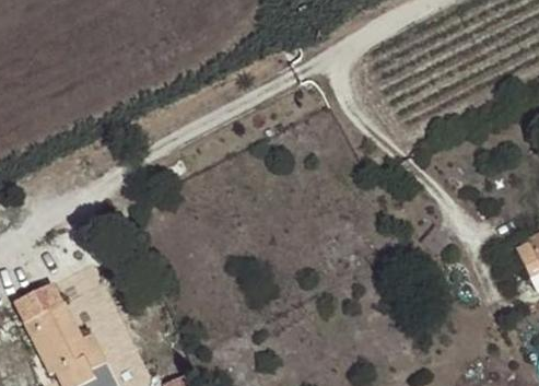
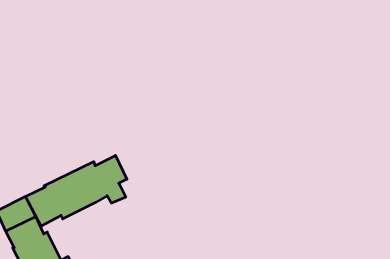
building: none -> [26,155,127,226]

